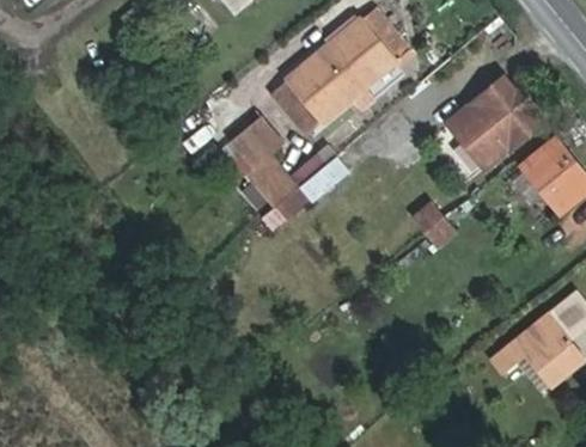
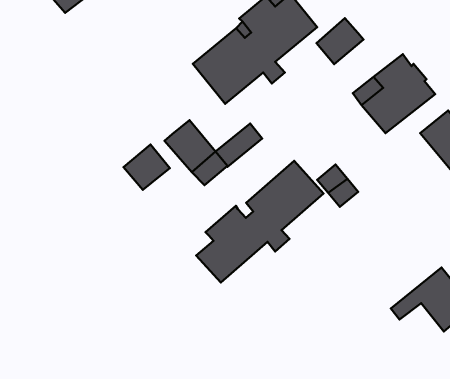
building: none -> [317,18,364,64]
building: [228,117,280,167] -> [123,144,170,190]
building: none -> [196,161,324,283]

